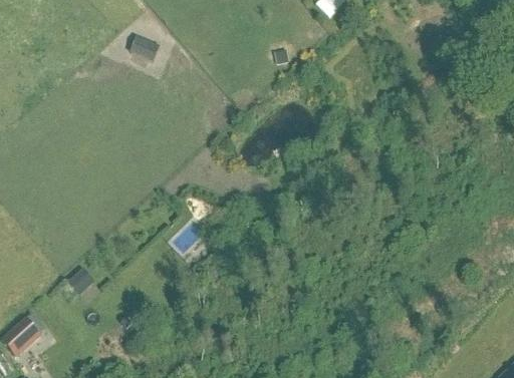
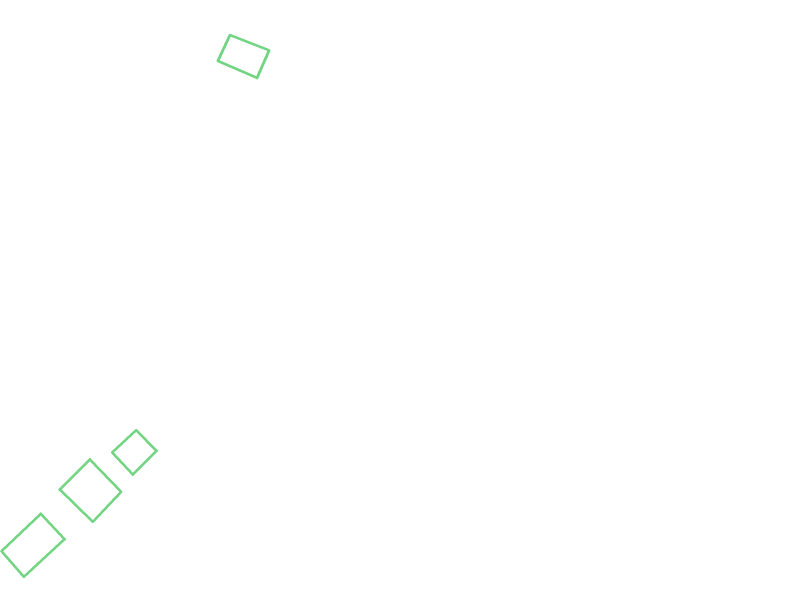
building: none -> [60,459,121,522]

